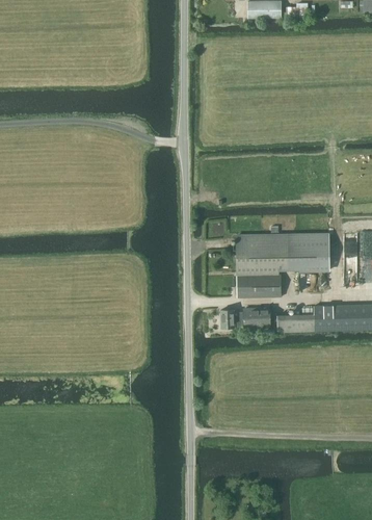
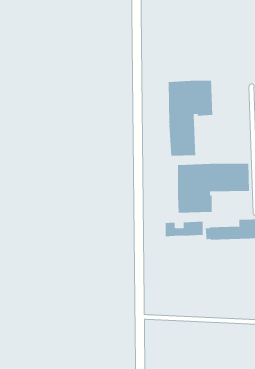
building: none -> [168,80,213,156]

